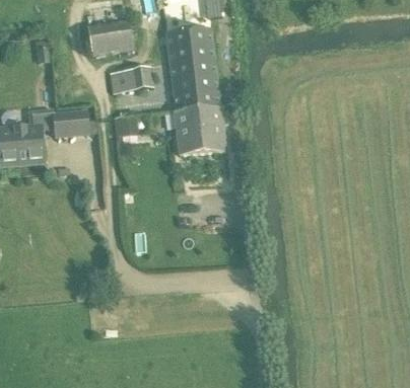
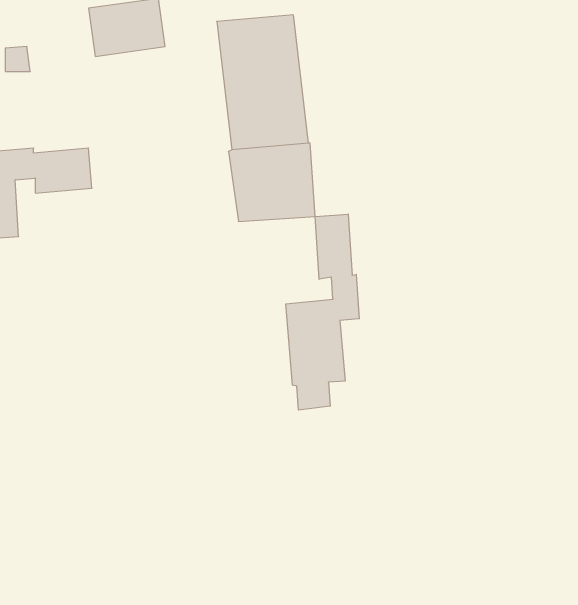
building: [110,65,153,90] -> none
building: none -> [286,214,359,410]

